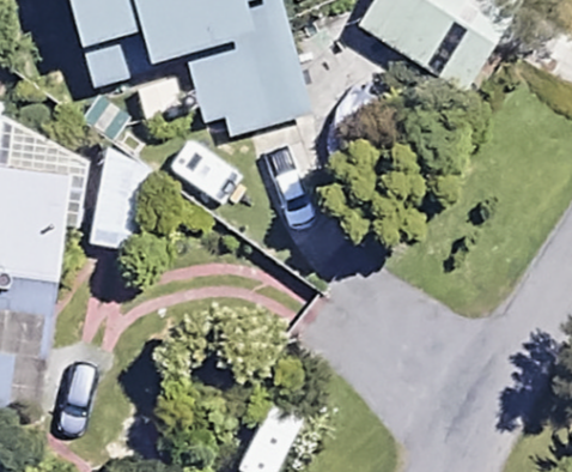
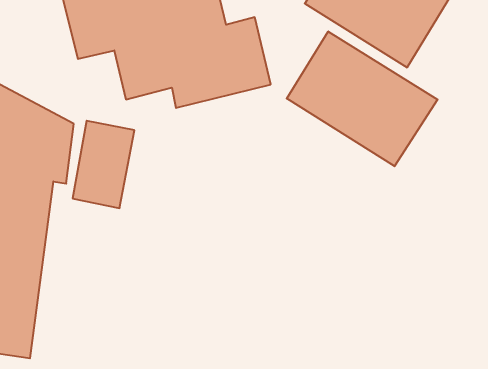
building: none -> [287,31,438,166]

